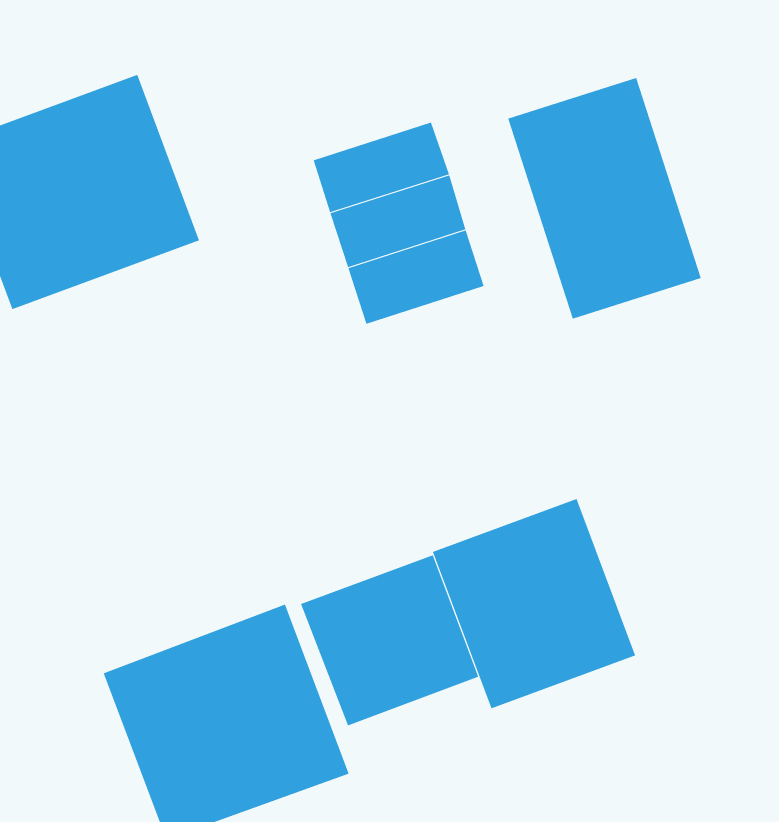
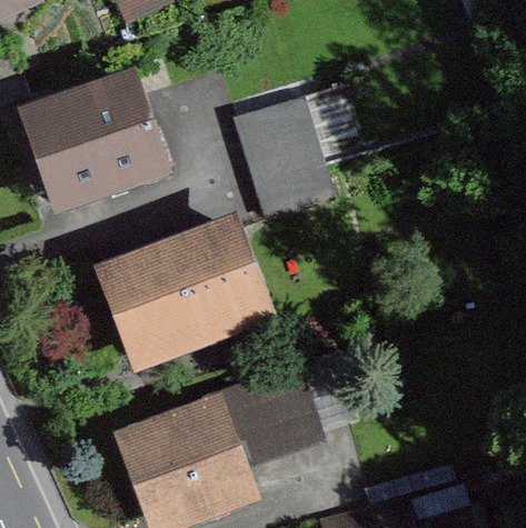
building: [508,77,702,319] -> none
building: none -> [91,213,272,378]
building: [432,498,636,709] -> none

